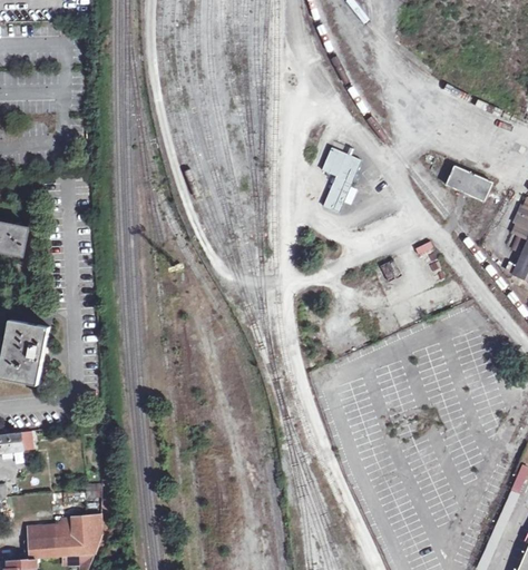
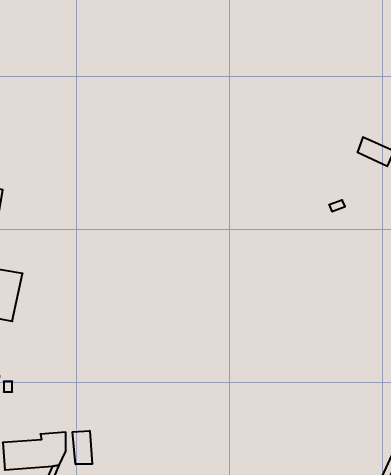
building: [320,146,361,212] -> none
building: none -> [73,431,92,464]

